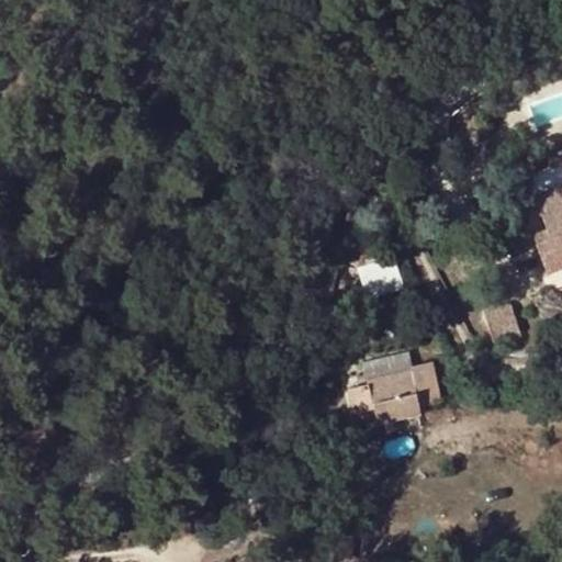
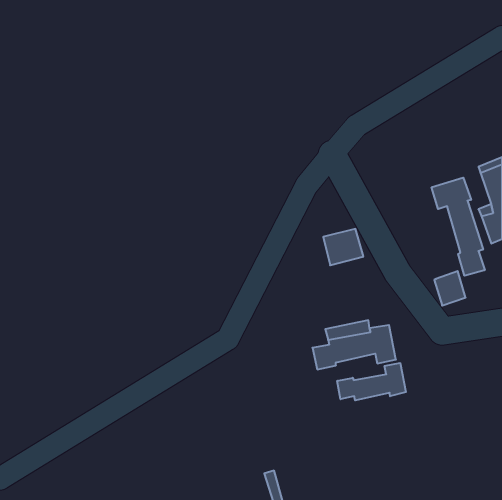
building: none -> [432,178,485,276]
building: none -> [337,363,406,400]

